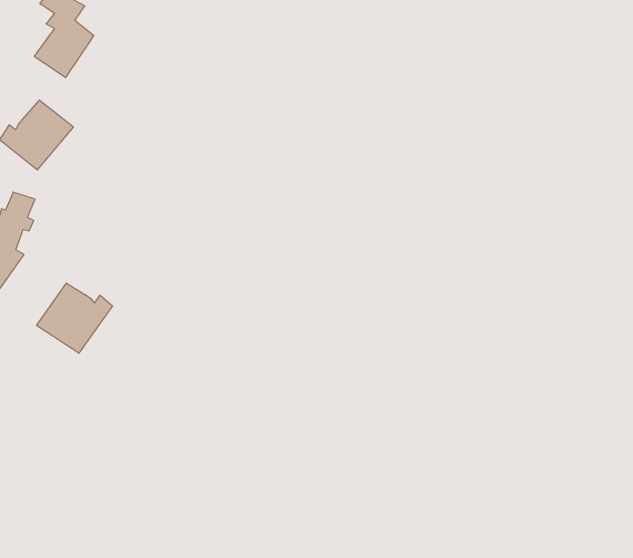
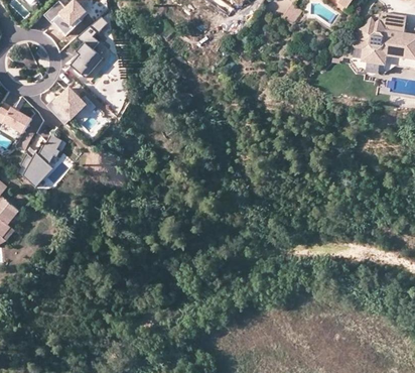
building: [37,283,112,353] -> none

